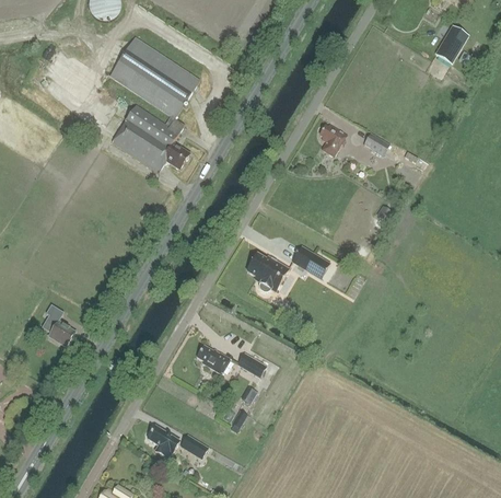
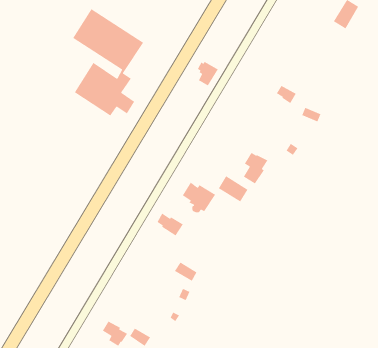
building: [319,125,347,157] -> [197,61,219,87]
building: none -> [243,152,269,185]
building: [40,304,74,346] -> none
building: [197,345,231,374] -> [157,213,184,236]

